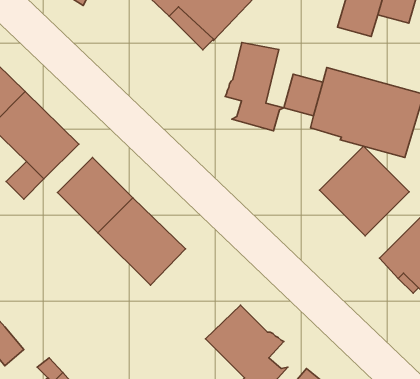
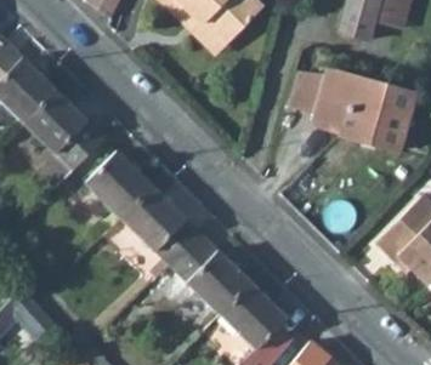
building: [225,43,284,131] -> none
building: [319,146,409,236] -> none
building: none -> [170,233,251,315]

